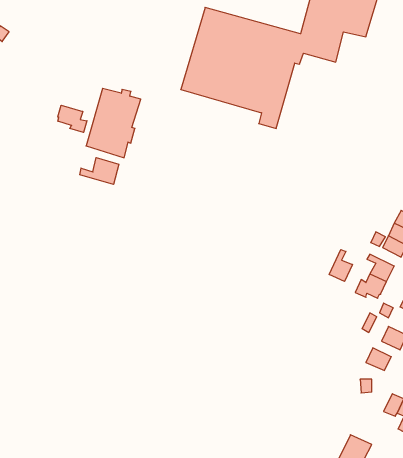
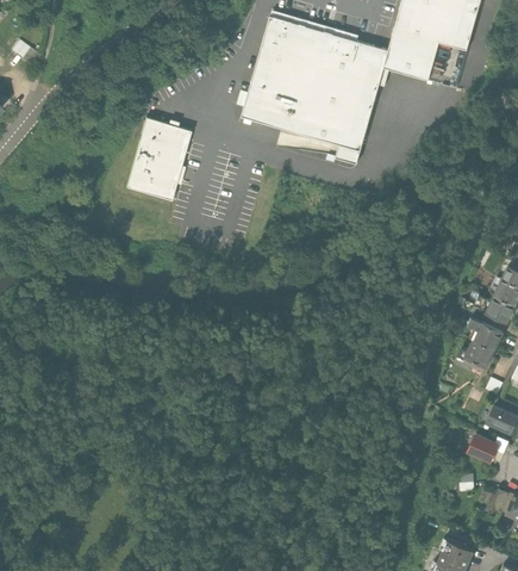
building: [58,105,87,132] -> none
building: [80,158,119,184] -> none
building: [329,250,352,281] -> none

